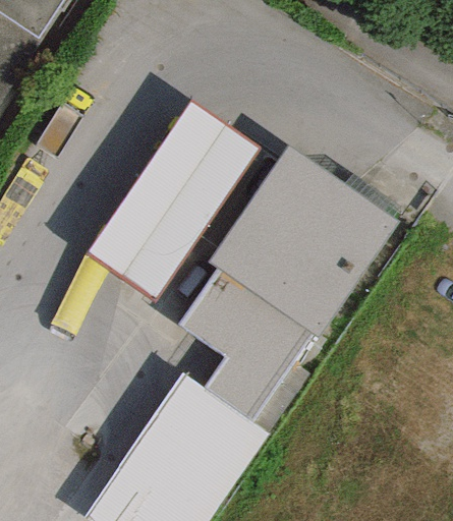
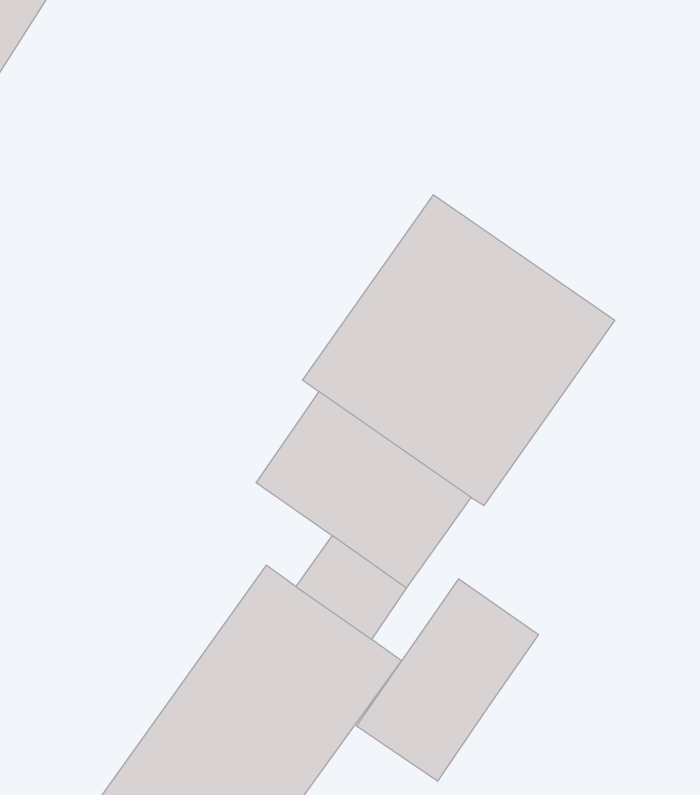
building: [87,103,260,301] -> none
building: none -> [356,579,538,781]

